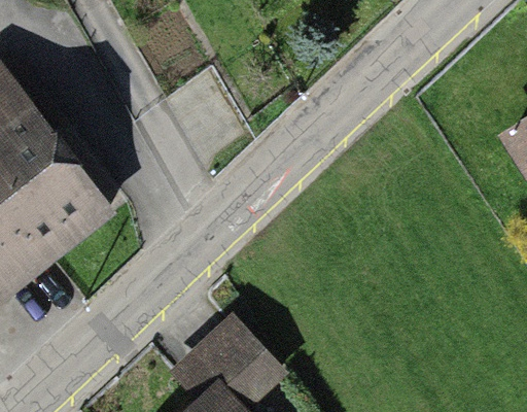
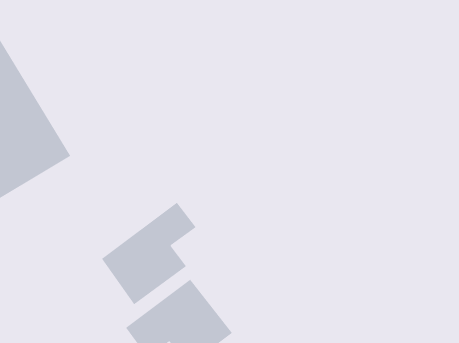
building: none -> [101,202,197,305]

